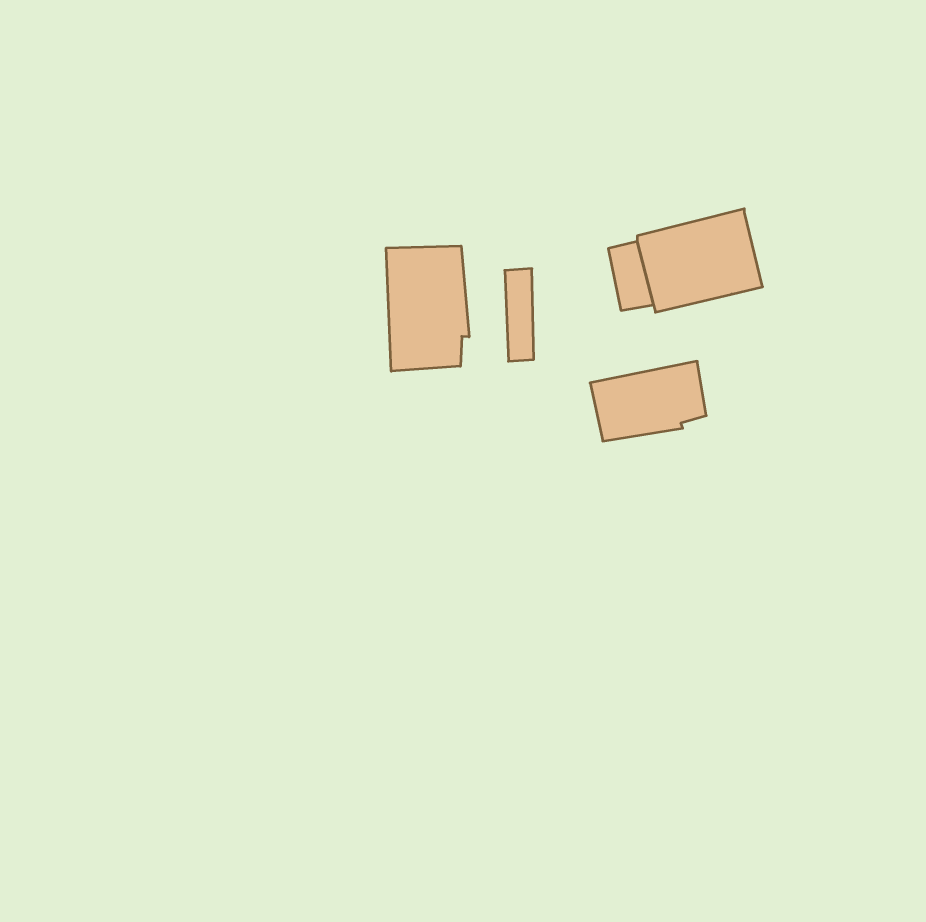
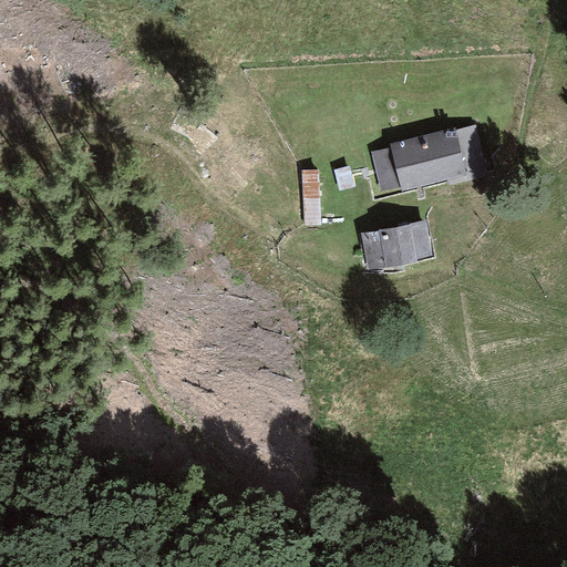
building: none -> [446,124,486,184]
building: [386,246,469,371] -> none

